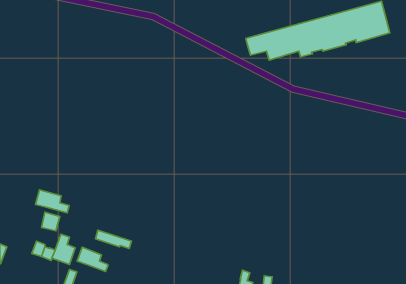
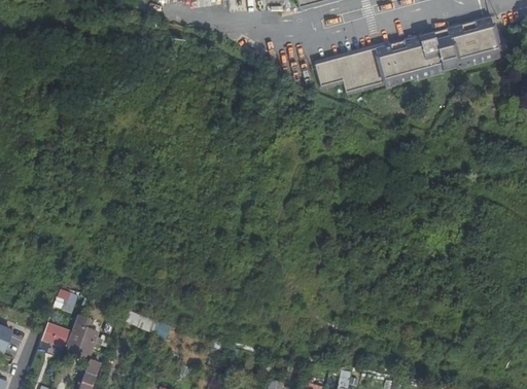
building: [35,190,69,213] -> none
building: [77,247,108,271] -> none

